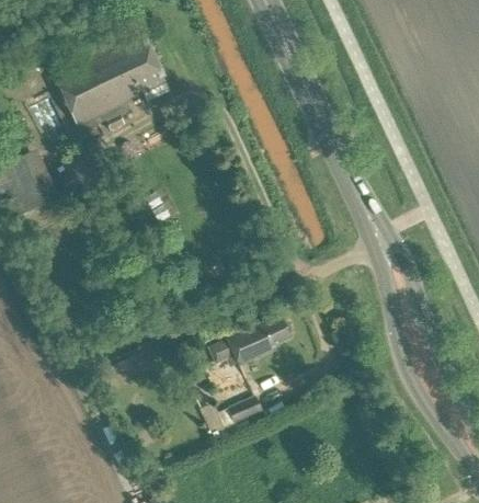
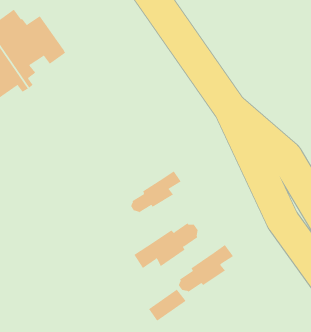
building: none -> [130,171,181,213]
building: none -> [178,244,234,292]

